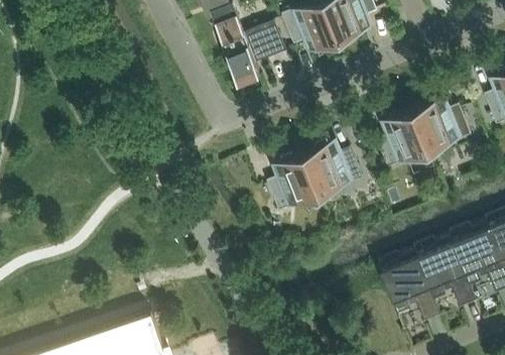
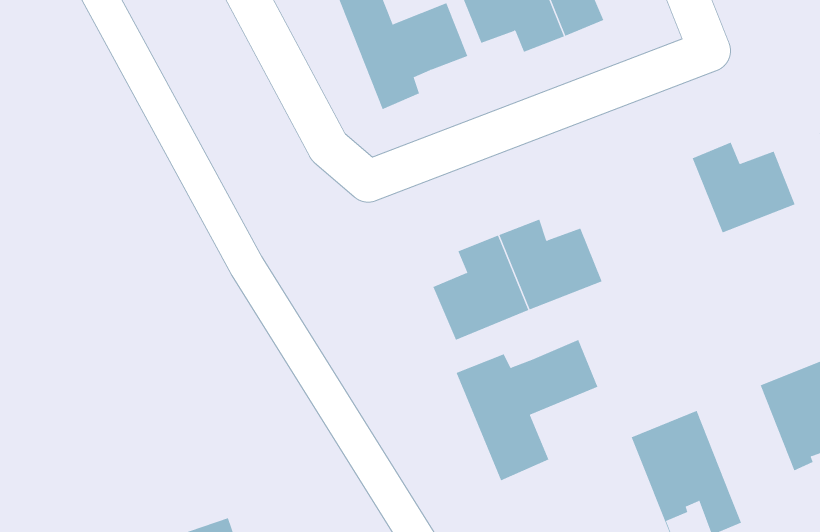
building: [376,110,430,169] -> none
building: none -> [456,339,598,481]
building: [416,238,477,309] -> none

